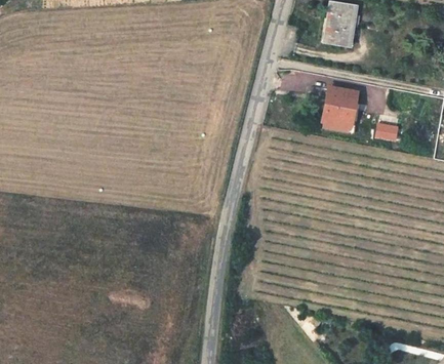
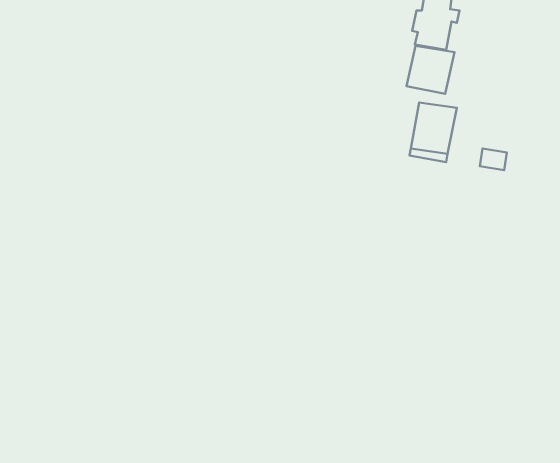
building: none -> [407,46,455,94]

